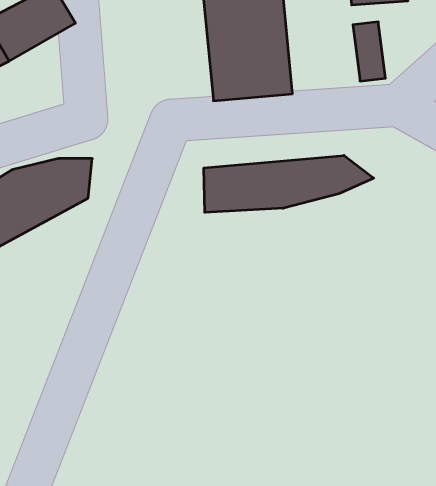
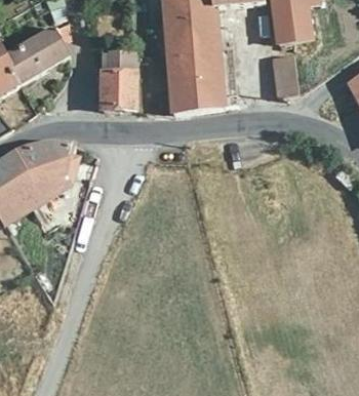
building: none -> [102,52,135,109]
building: [204,155,374,212] -> none

